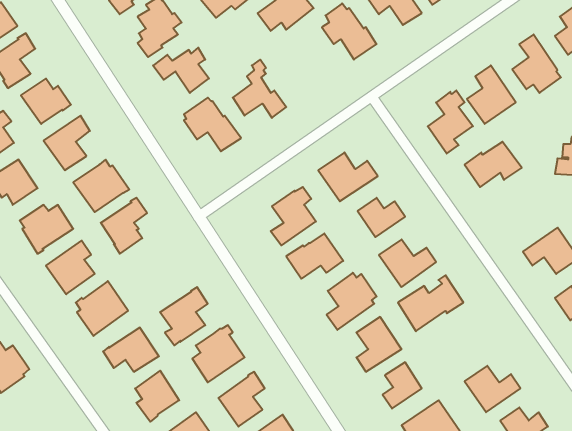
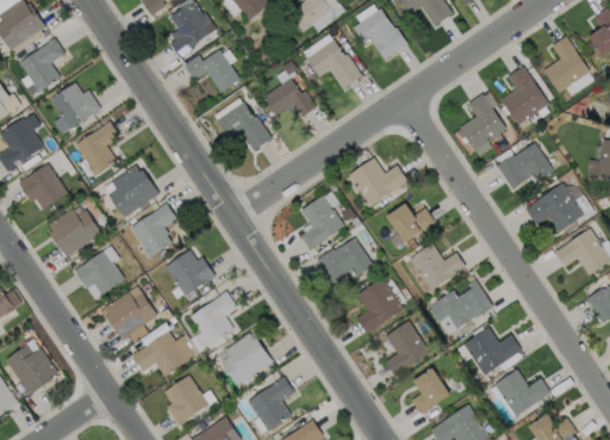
building: none -> [306,42,362,92]
building: none -> [523,184,583,233]
building: none -> [166,248,217,295]
building: none -> [465,327,523,373]

